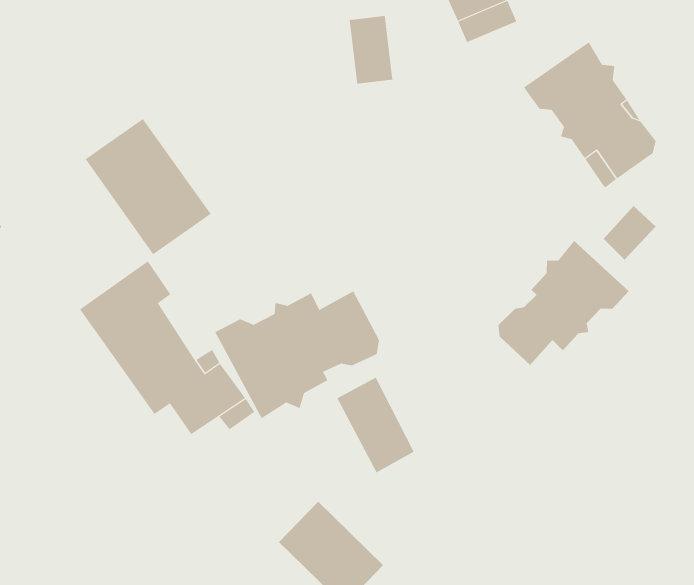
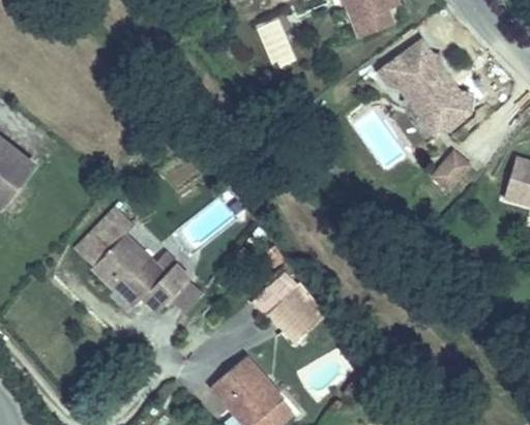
building: [85,118,211,255] -> none
building: [498,240,630,366] -> none
building: [215,290,380,419] -> none

